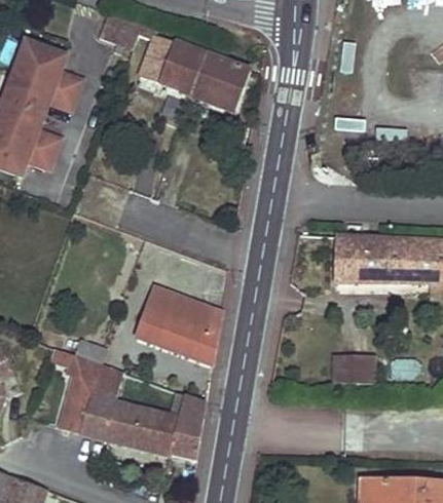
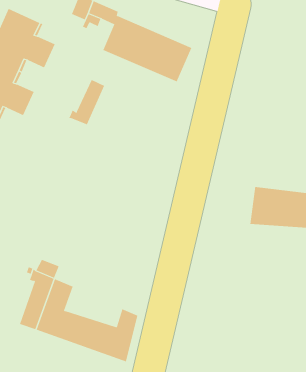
building: none -> [68,79,105,125]
building: [139,285,221,363] -> none
building: [330,355,371,385] -> none

